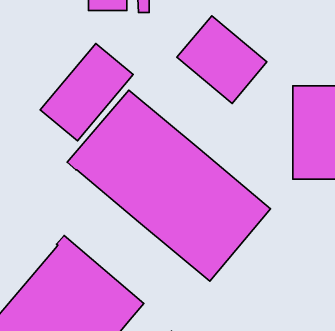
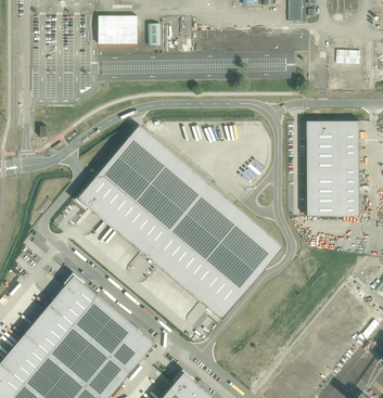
building: [177,16,267,103] -> none
building: [40,43,133,141] -> none

